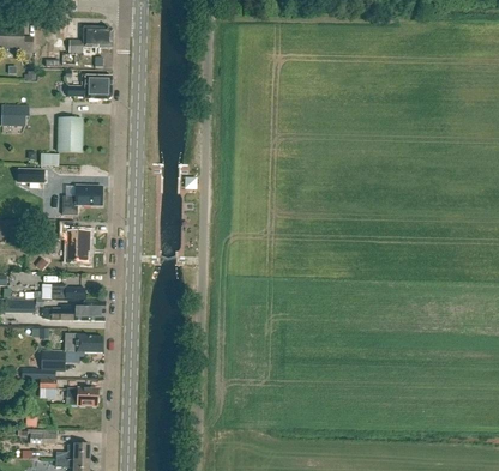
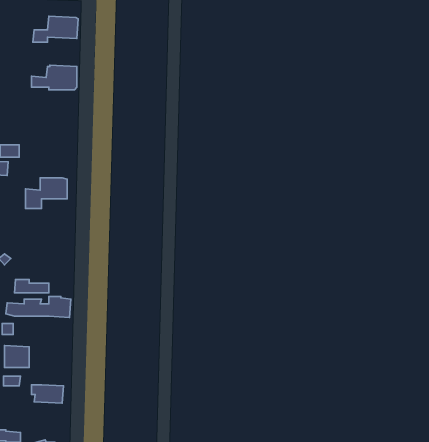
building: [58,117,82,152] -> none
building: [59,219,90,261] -> none
building: [67,333,102,352] -> none

